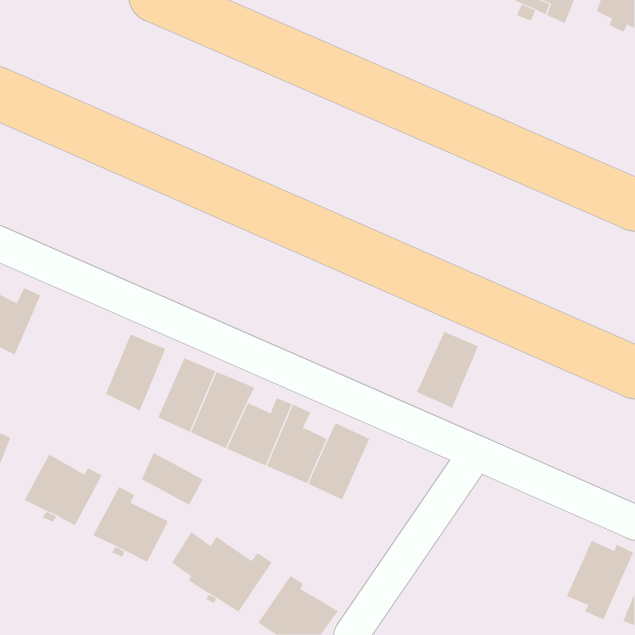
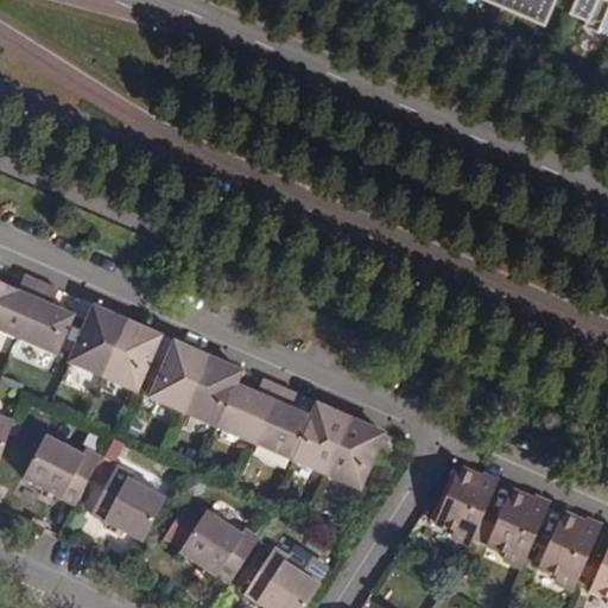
building: none -> [14,280,71,354]
building: none -> [66,303,124,374]
building: [416,331,479,409] -> [325,417,385,490]
building: [141,452,203,505] -> none
building: none -> [436,469,500,544]
building: none -> [487,492,551,566]

